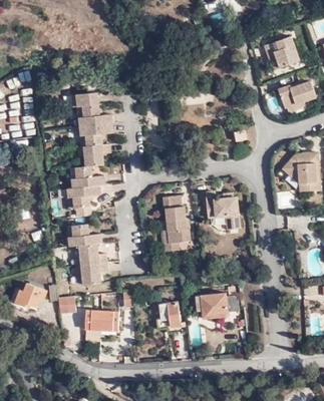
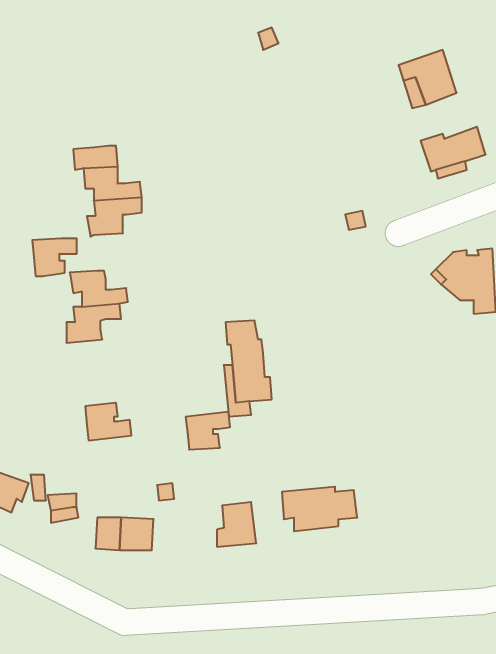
building: [85,144,111,166] -> [32,238,77,276]
building: [205,192,239,230] -> none
building: [69,225,102,246] -> none
building: [82,263,108,285] -> [186,412,230,450]

